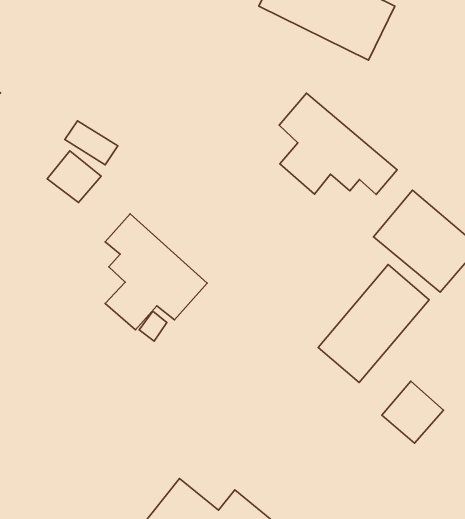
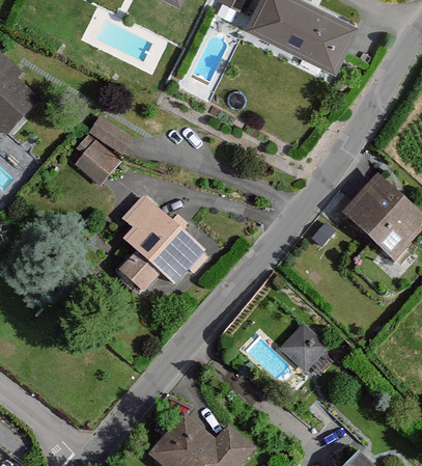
building: [279,93,397,195] -> none
building: [318,265,429,383] -> none
building: [382,381,443,443] -> [276,324,327,375]

